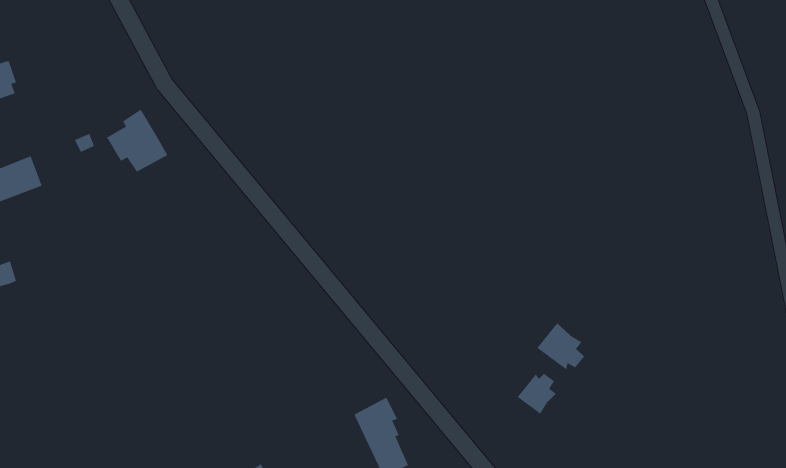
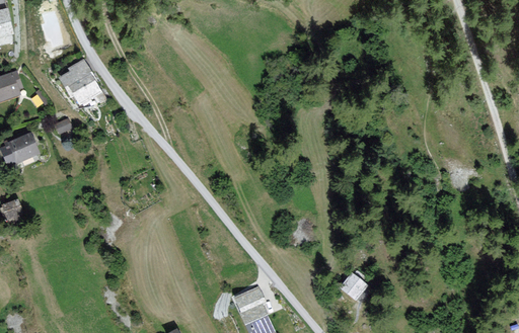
building: [106,109,168,172] -> [60,61,99,101]
building: [536,322,585,370] -> none

